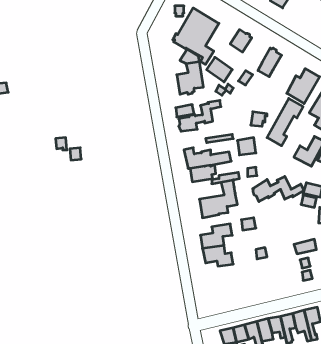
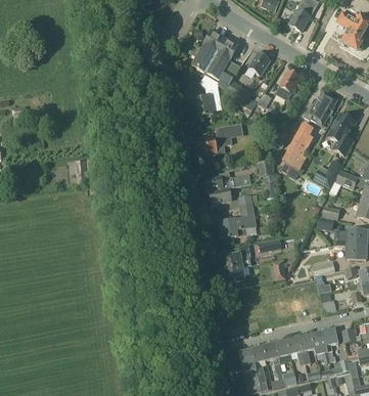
building: [253,176,304,202] -> none

